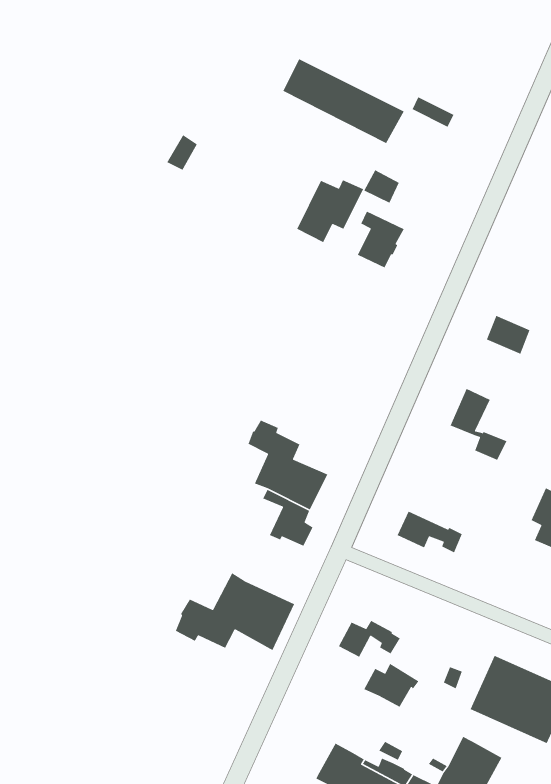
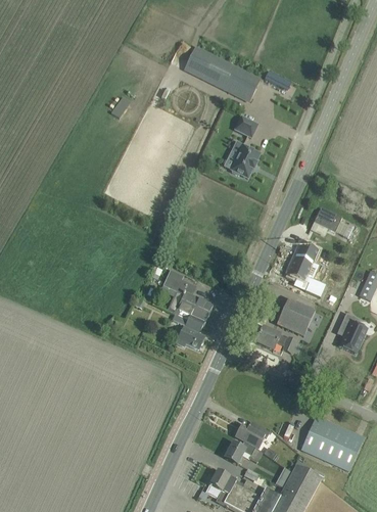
building: [296,179,364,243] -> none
building: none -> [276,298,314,335]
building: [175,572,295,651] -> none
building: [338,620,401,658] -> [223,440,262,464]

